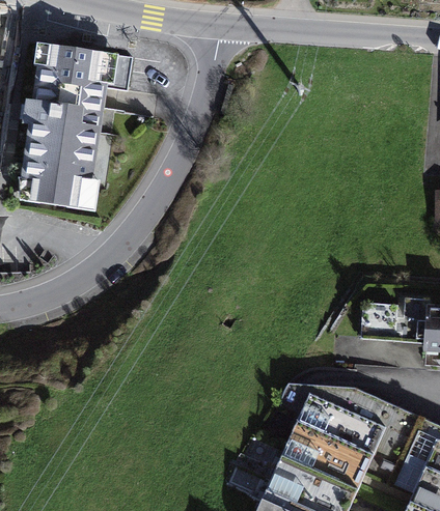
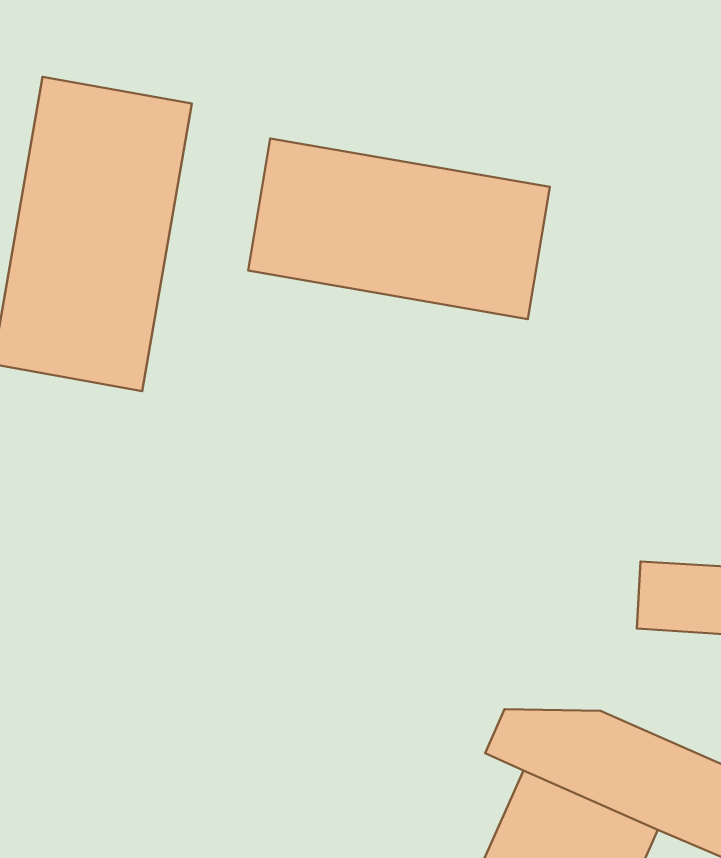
building: none -> [248,138,550,319]

